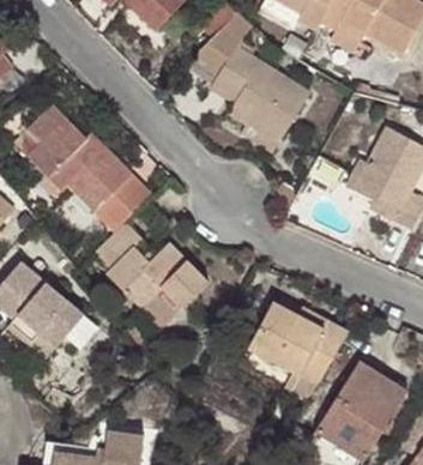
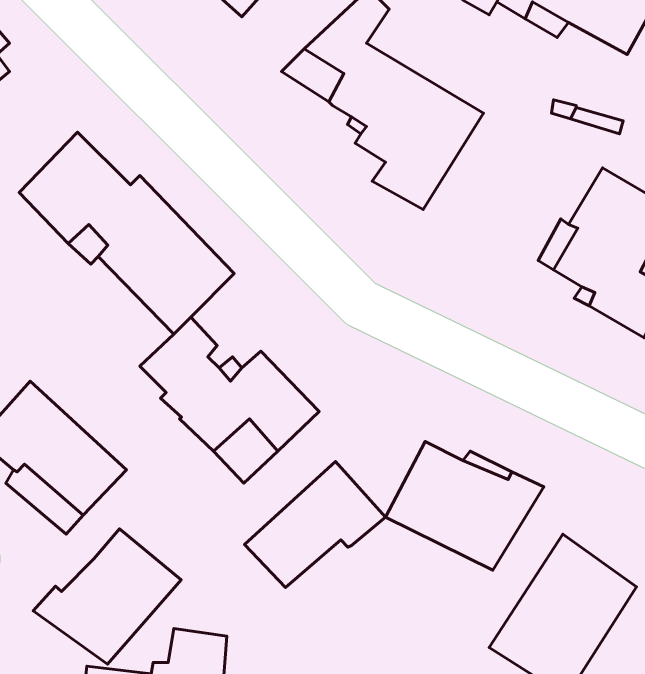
building: none -> [245,461,385,588]
building: none -> [33,529,181,664]

